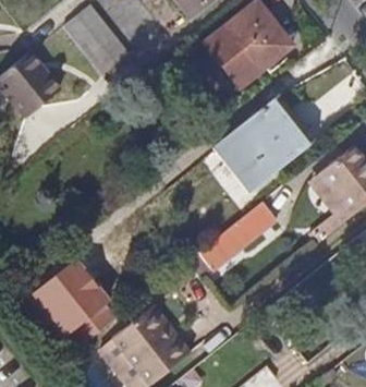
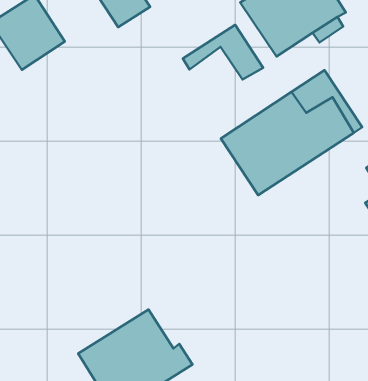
building: none -> [183,25,263,80]
building: [196,205,274,274] -> none
building: [34,257,118,343] -> none

